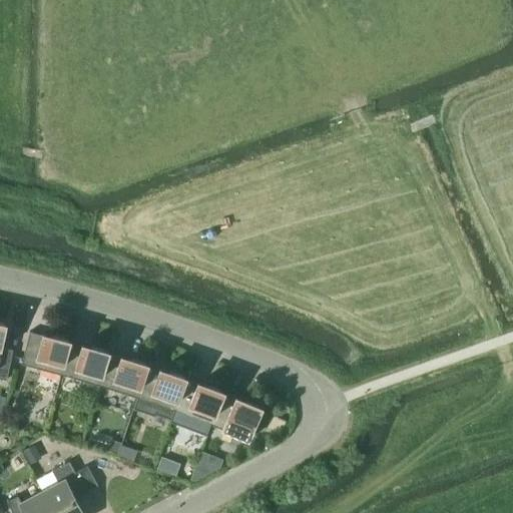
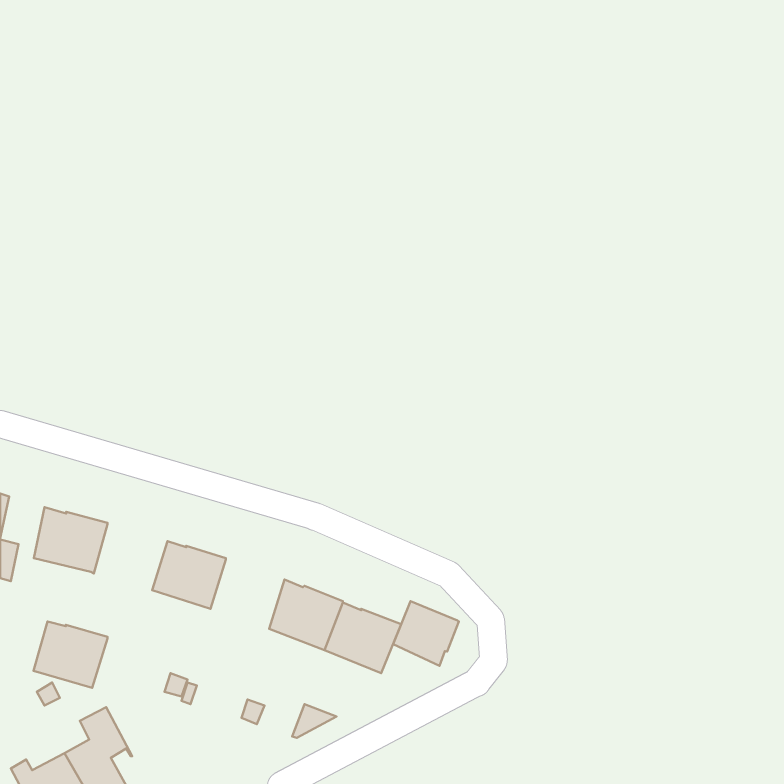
building: [62,343,110,386] -> [34,622,107,688]
building: [134,366,187,420] -> none
building: none -> [393,601,459,666]

